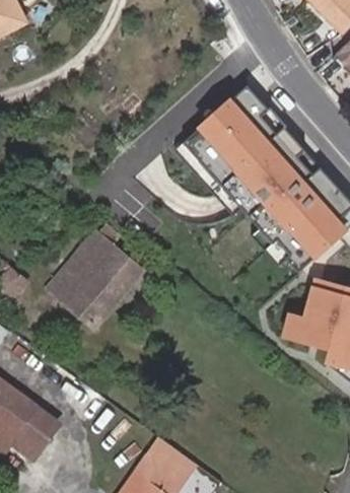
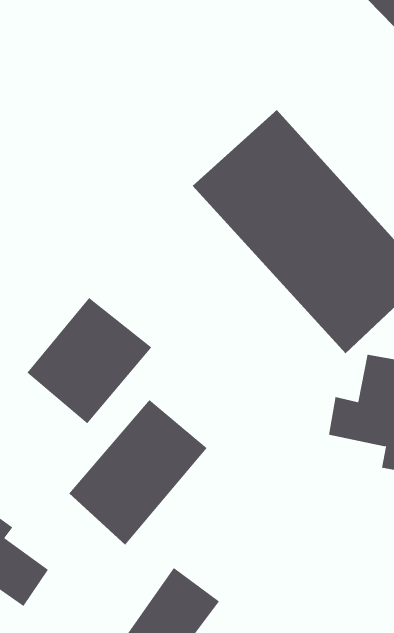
building: none -> [69,399,207,545]

